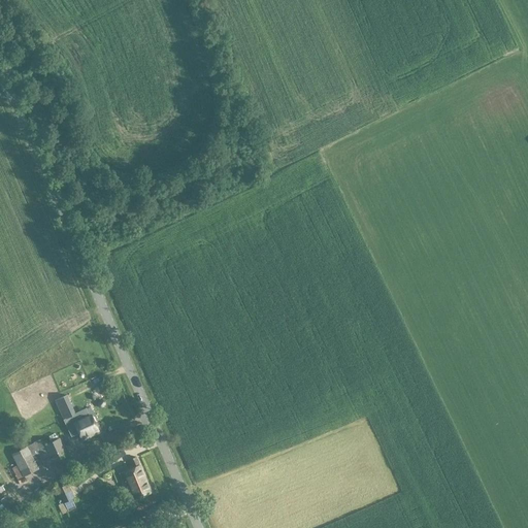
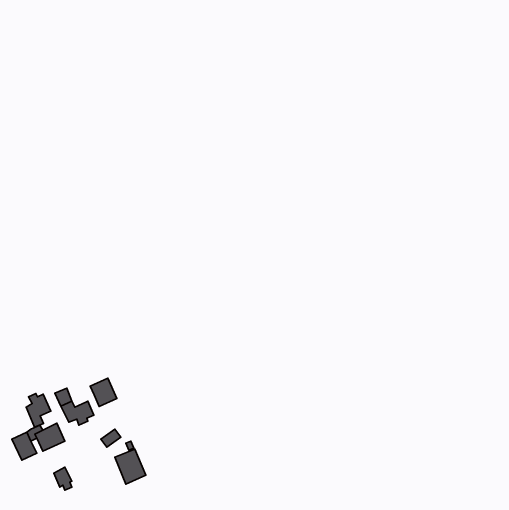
building: none -> [90,378,117,407]
building: none -> [26,393,51,427]

